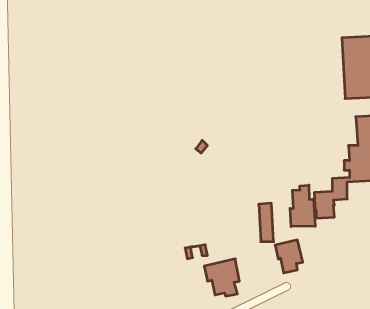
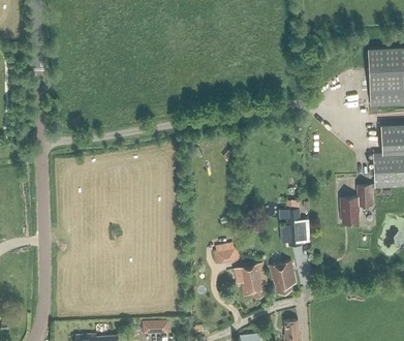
building: [290,185,315,227] -> none
building: [275,240,303,273] -> [270,261,297,293]

